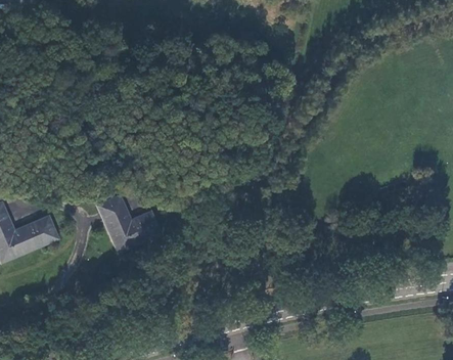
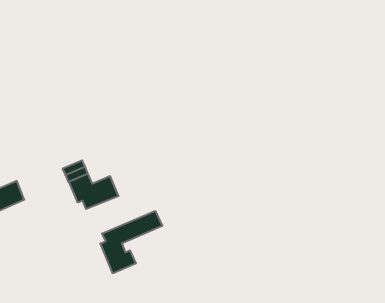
building: none -> [100,211,162,273]

